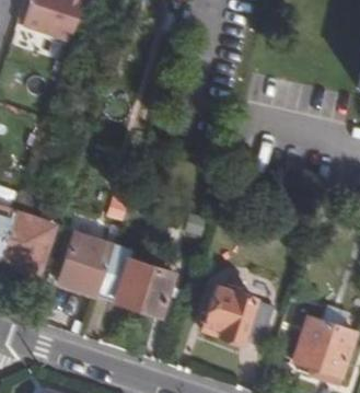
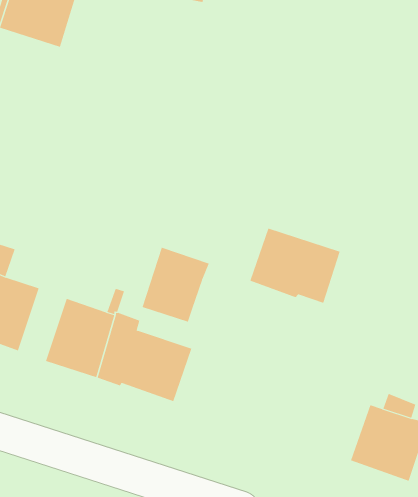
building: none -> [142,247,210,322]
building: [204,288,275,347] -> [250,228,341,303]

